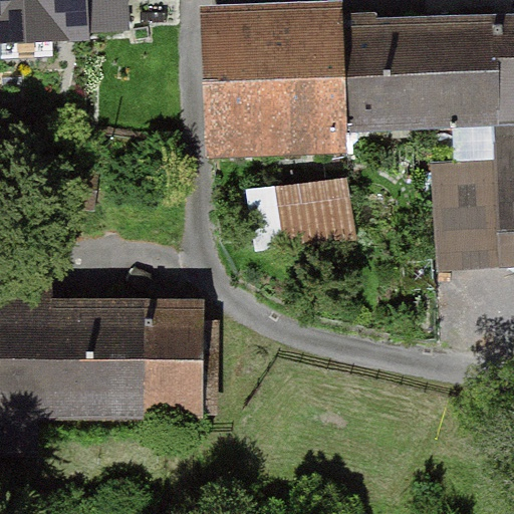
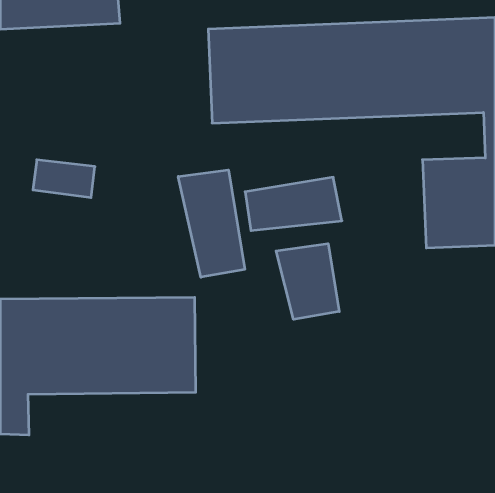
building: none -> [178,170,245,277]
building: none -> [276,244,339,319]

